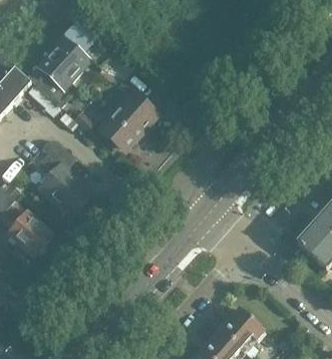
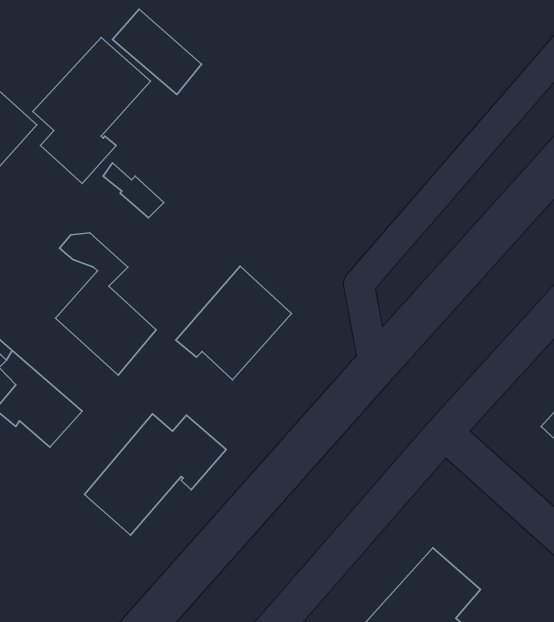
building: [97,87,158,147] -> [176,266,291,380]
building: none -> [84,414,226,535]

